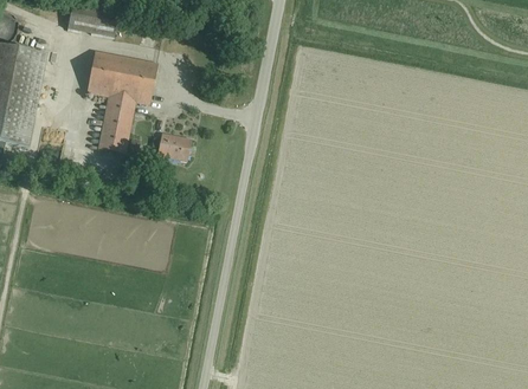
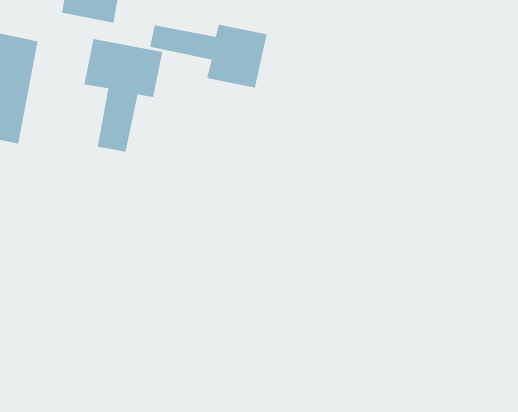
building: none -> [149,24,267,88]
building: [157,134,191,161] -> none

